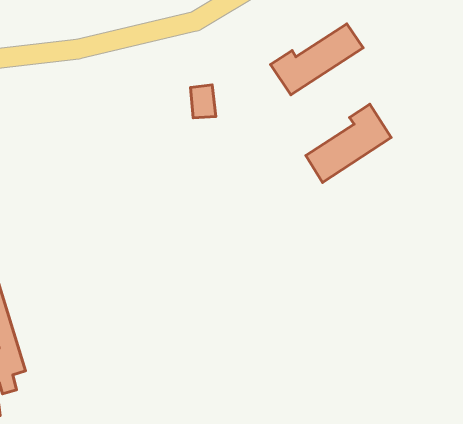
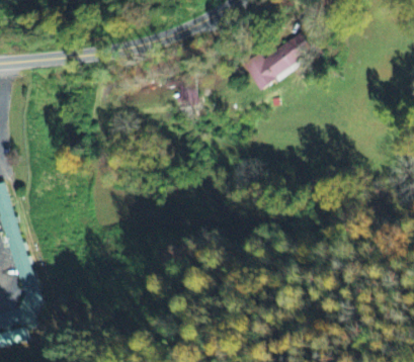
building: [306,104,391,182] -> none

